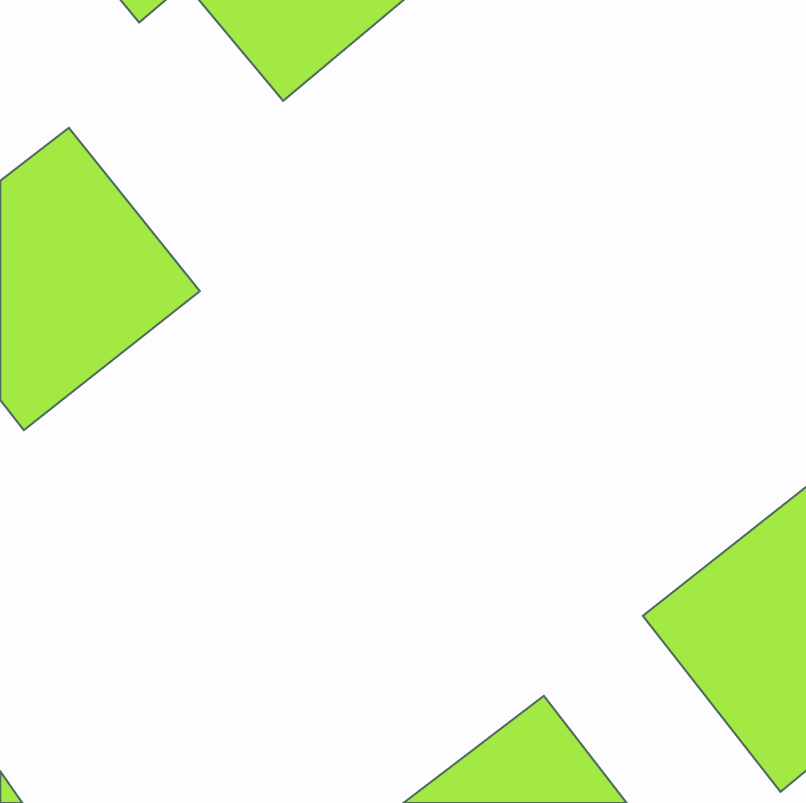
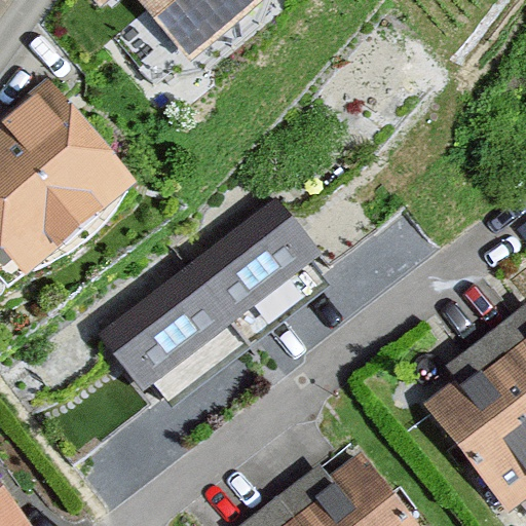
building: none -> [91,197,323,396]

